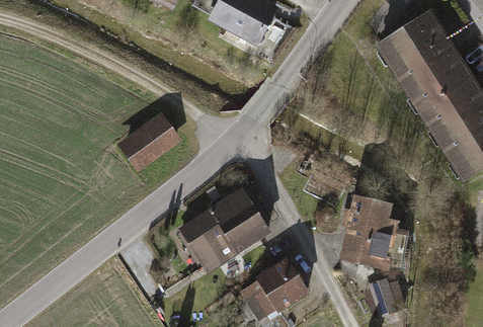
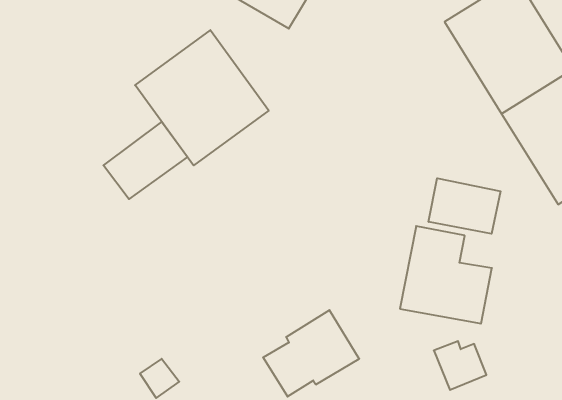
building: none -> [135,30,269,165]
building: none -> [429,178,501,234]
building: [179,188,272,270] -> none

